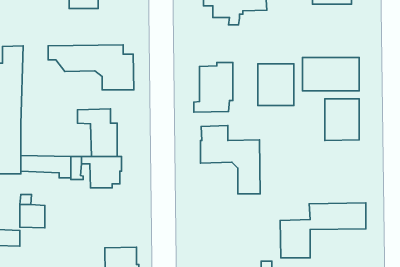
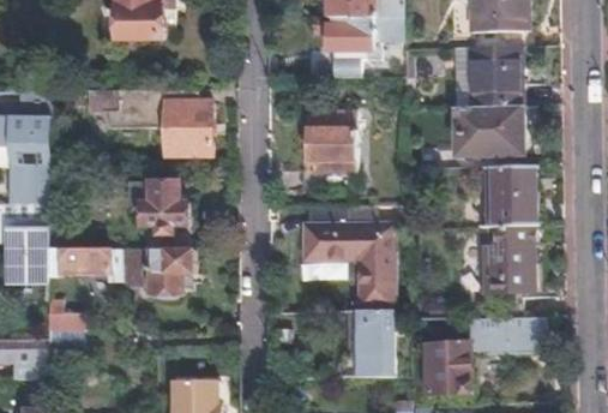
building: [258,64,294,105] -> [468,46,519,106]
building: none -> [476,225,536,291]
building: none -> [342,310,393,378]

